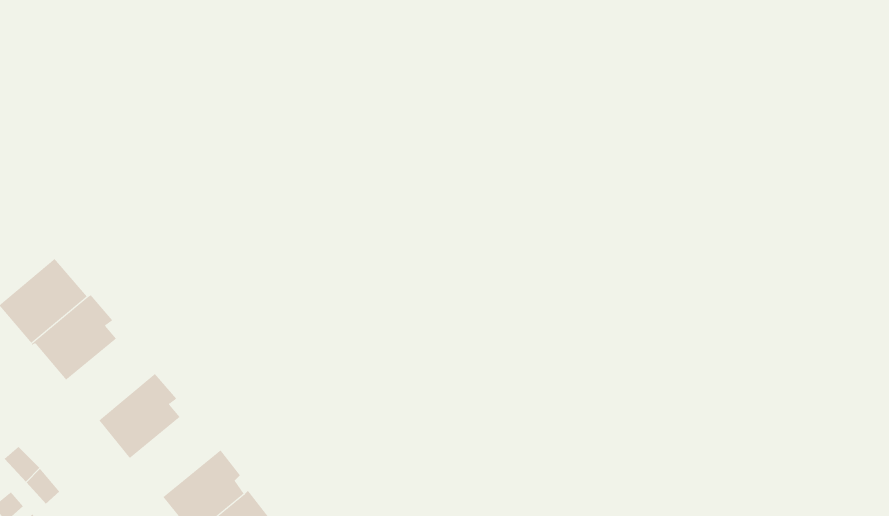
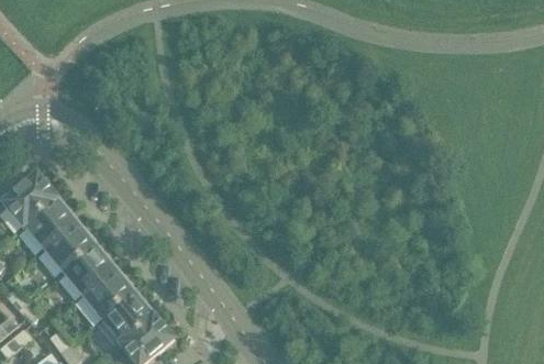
building: none -> [42,222,96,272]
building: none -> [80,269,135,318]

